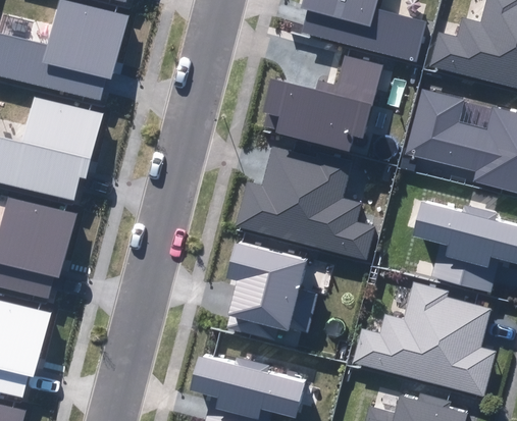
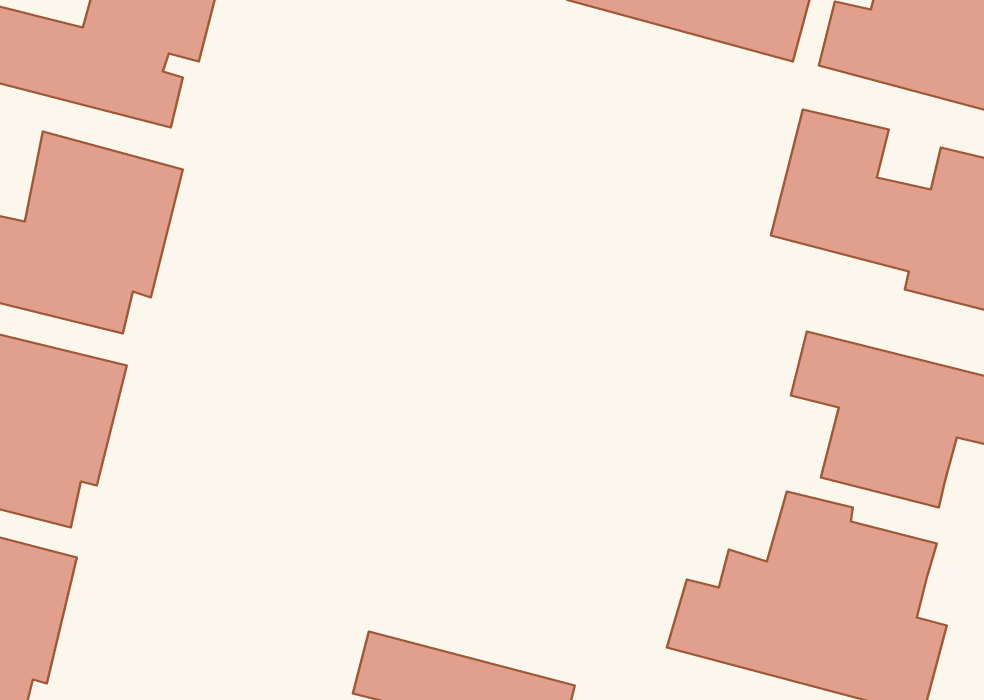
building: [267,55,384,148] -> none
building: [235,142,374,260] -> none
building: [228,241,317,331] -> none

